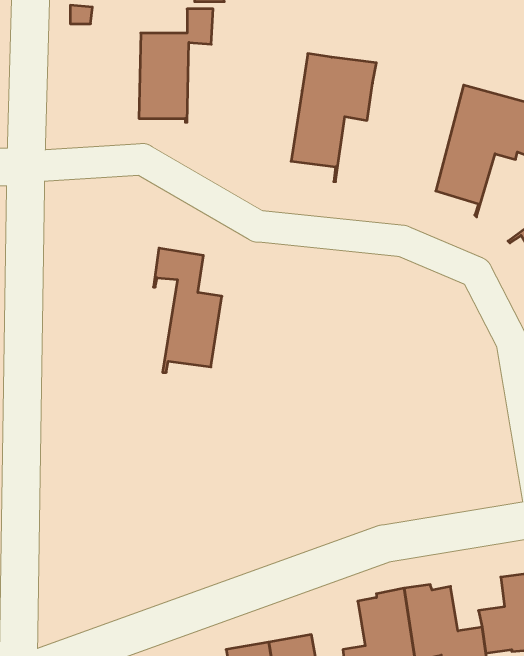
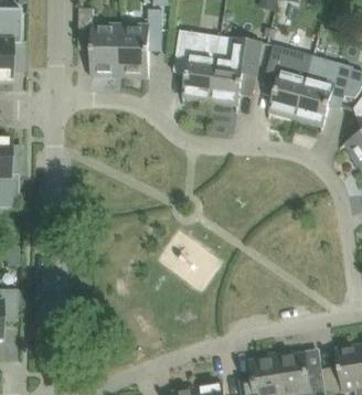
building: none -> [91,22,121,75]
building: none -> [266,43,313,118]
building: [153,248,222,372] -> [177,29,217,103]

